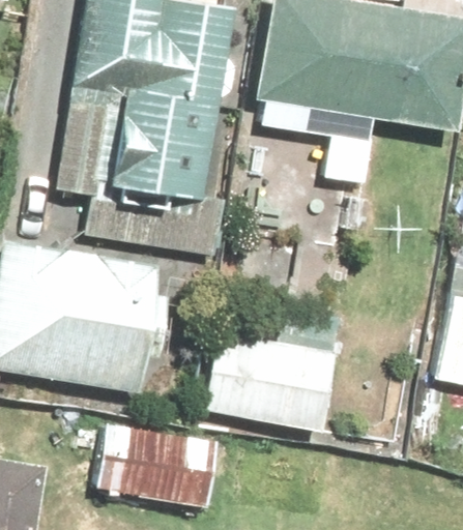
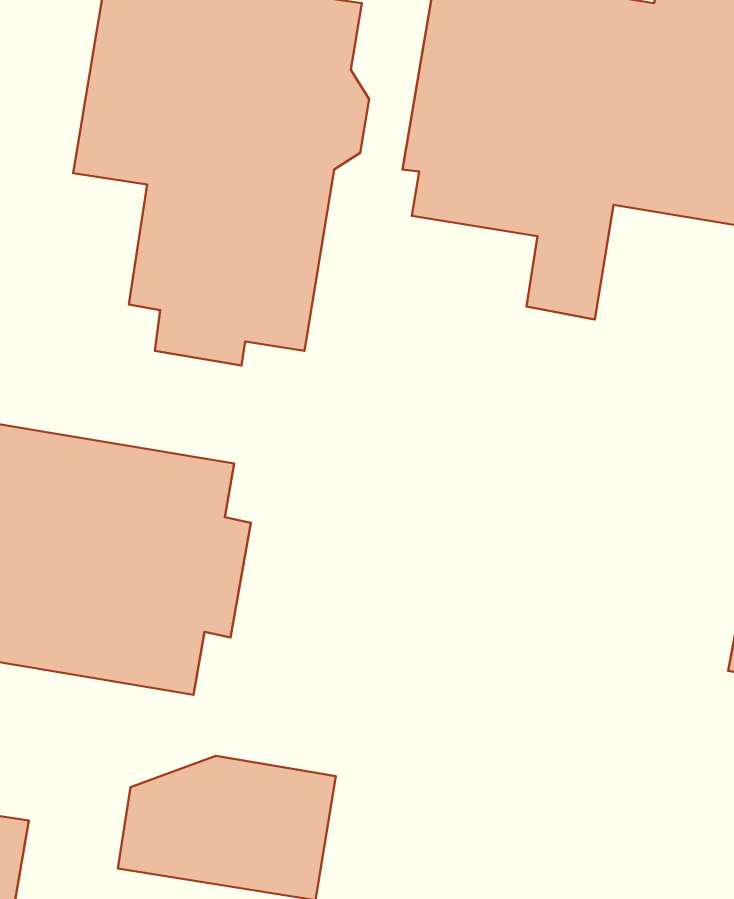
building: [197,307,342,432] -> none

